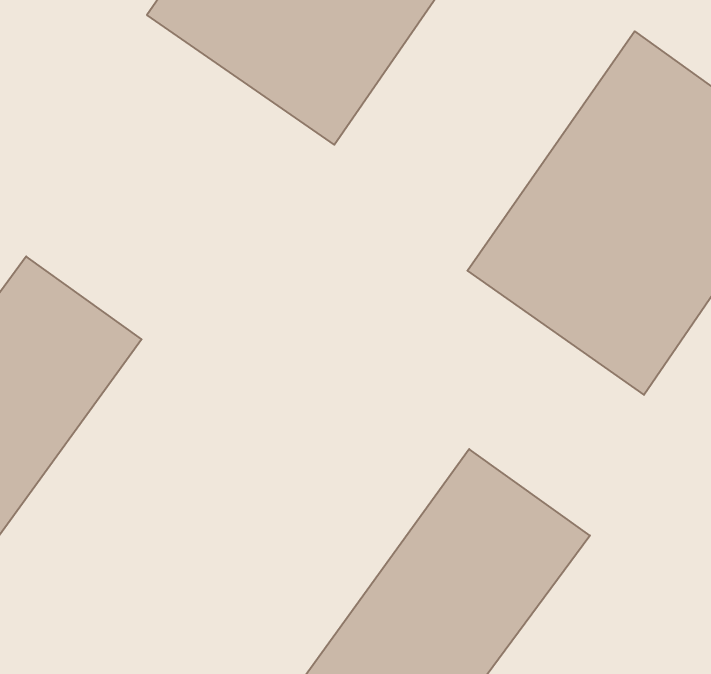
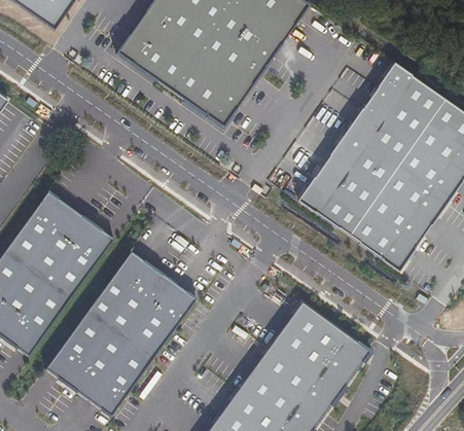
building: none -> [44,250,195,416]

